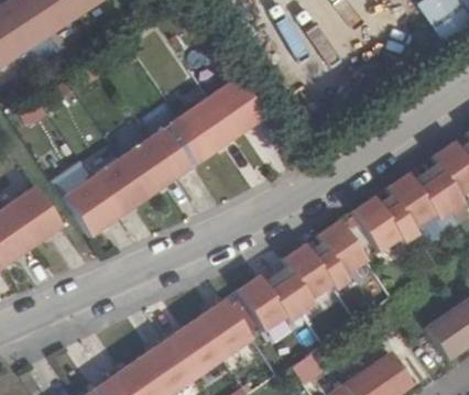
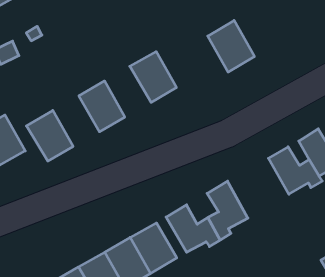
building: [210,75,268,136] -> [208,20,254,72]
building: [152,116,209,176] -> none
building: [94,155,151,216] -> none
building: [318,219,369,289] -> none

